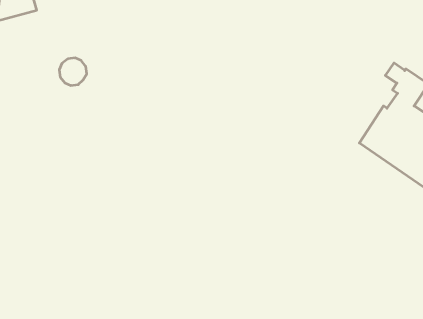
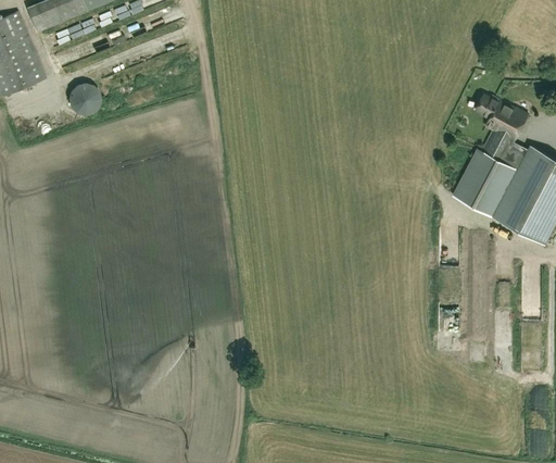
building: [59,58,87,85] -> [67,83,101,116]

